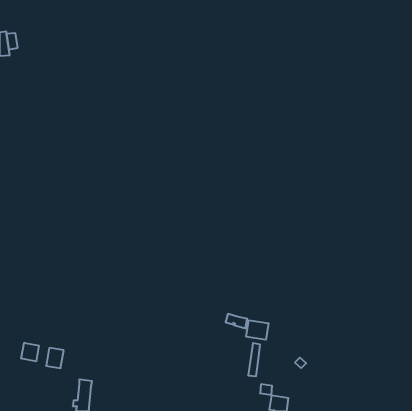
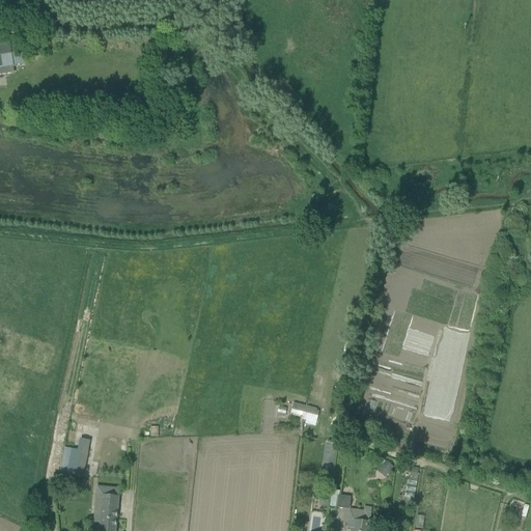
building: [246,320,269,340] -> none
building: [21,343,39,361] -> none

